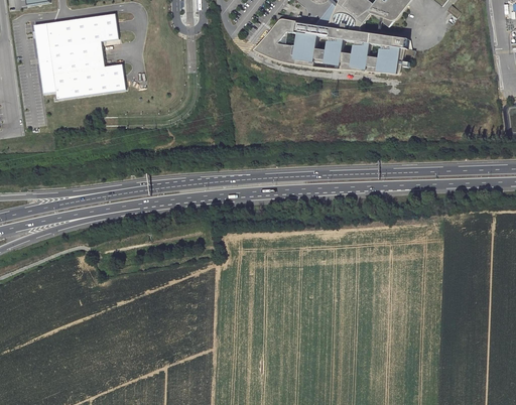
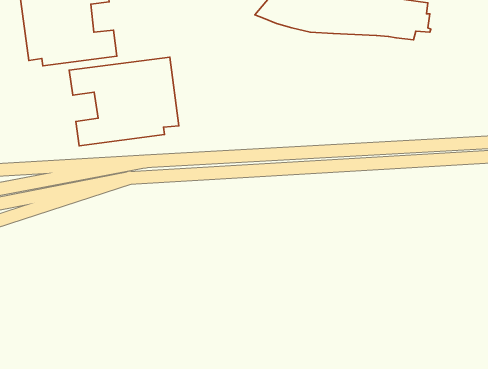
building: none -> [69,57,179,146]

